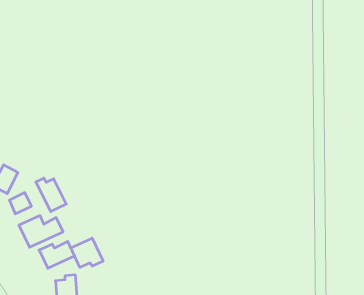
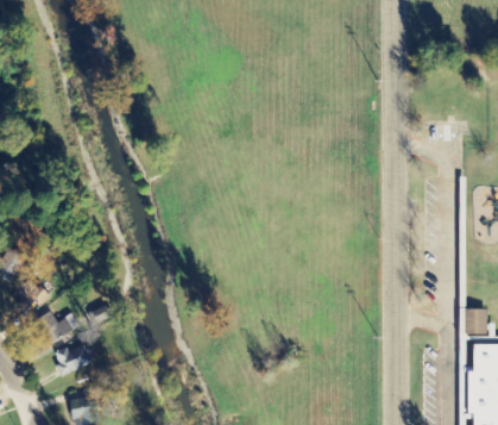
building: [36,178,66,212] -> none
building: [71,238,103,267] -> none

